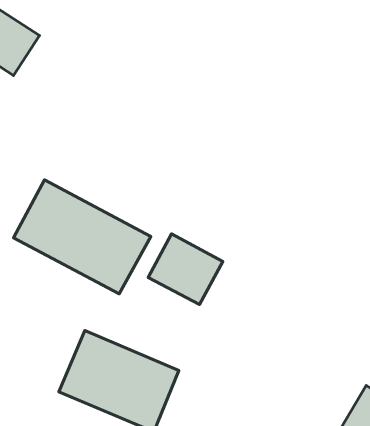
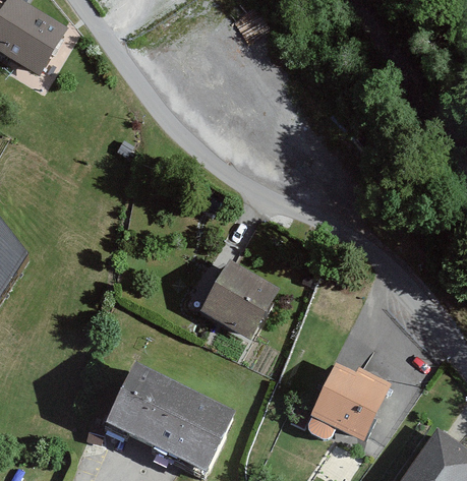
building: [14,180,151,294] -> none
building: none -> [306,356,391,442]

